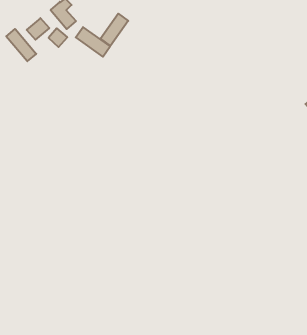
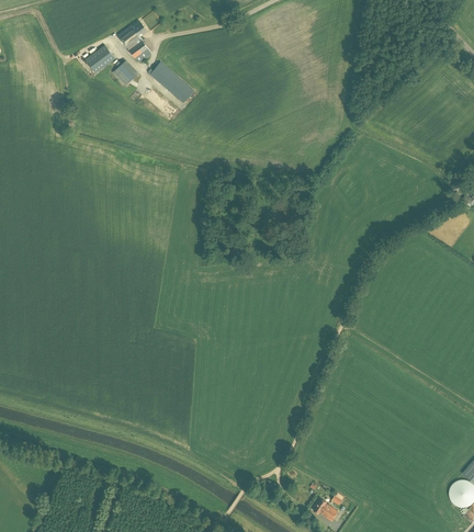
building: [100,14,128,46] -> none
building: [6,29,36,61] -> none

